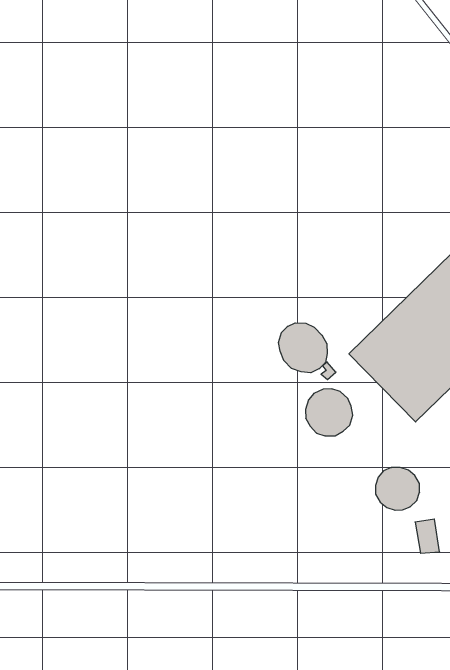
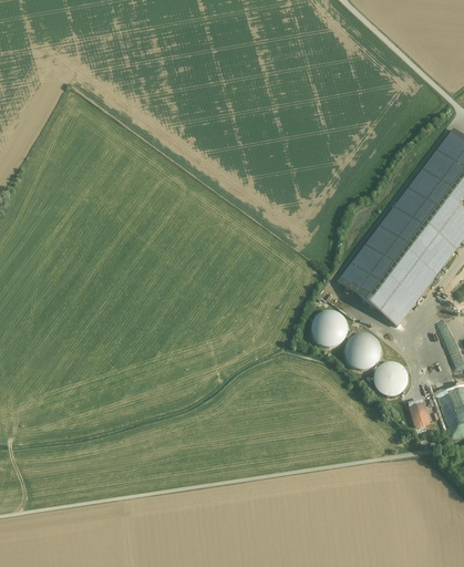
building: [279,323,327,373] -> none
building: none -> [347,334,382,370]

